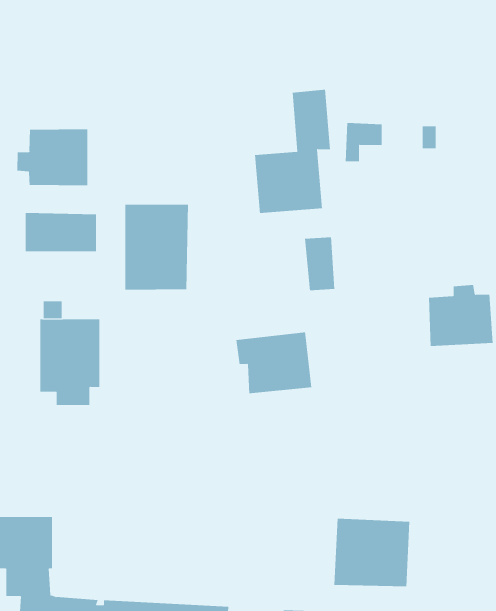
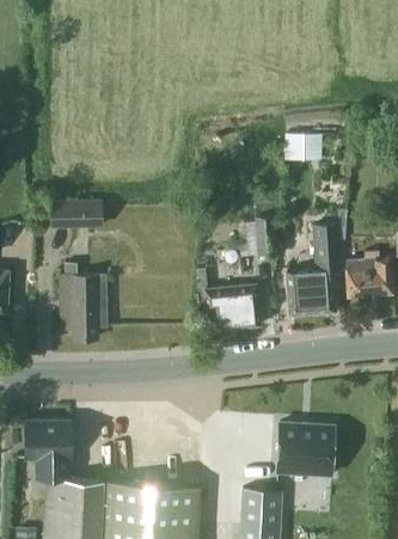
building: [254,89,331,214] -> [286,226,342,317]
building: [17,128,88,186] -> none
building: [125,204,188,290] -> none

